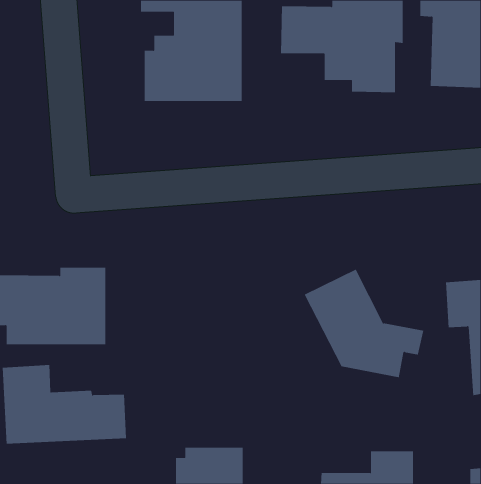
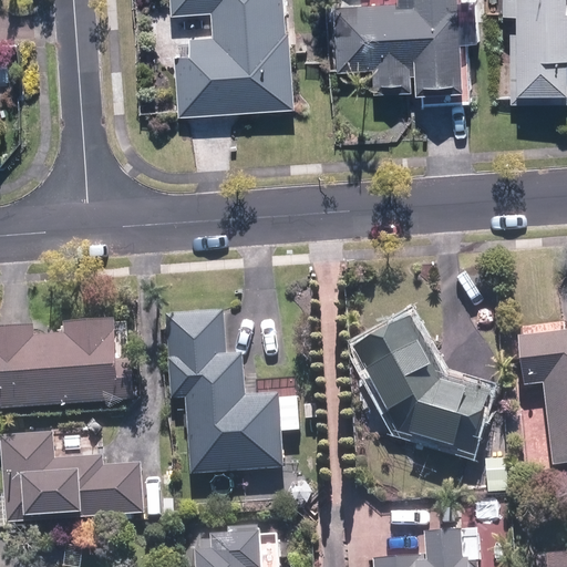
building: none -> [172,309,286,470]

